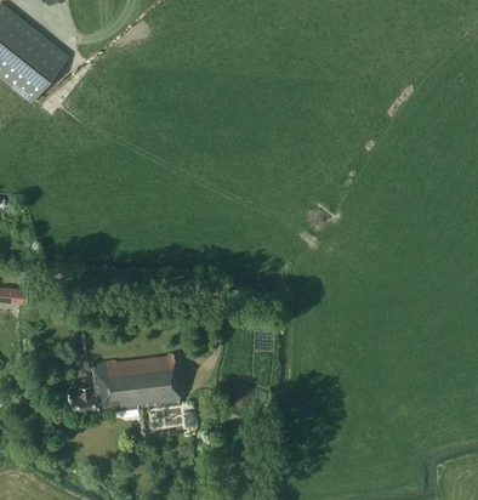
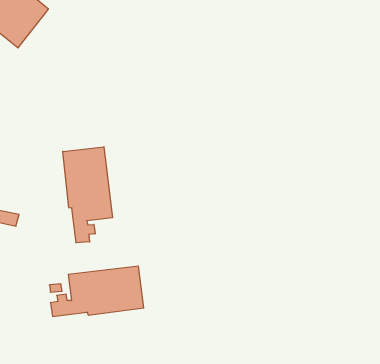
building: none -> [63,147,112,243]

